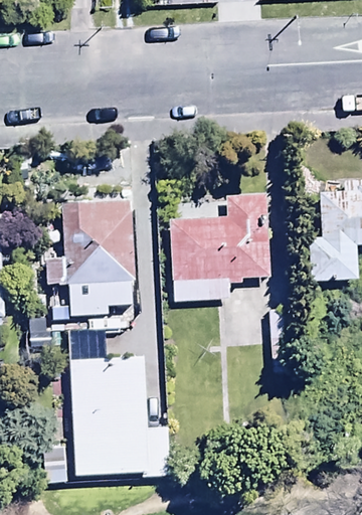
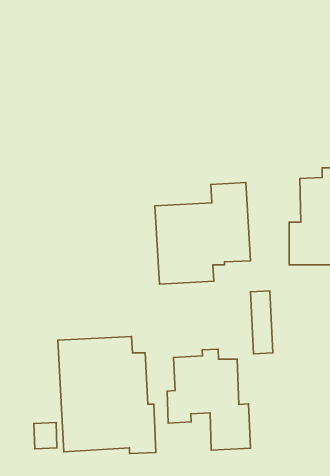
building: [44,198,136,317] -> none
building: none -> [167,349,251,450]

